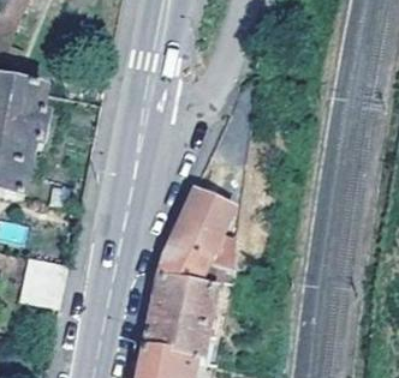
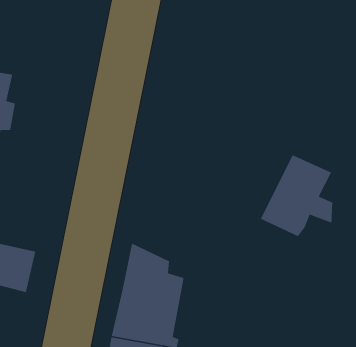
building: [162,190,236,272] -> [260,154,333,237]

